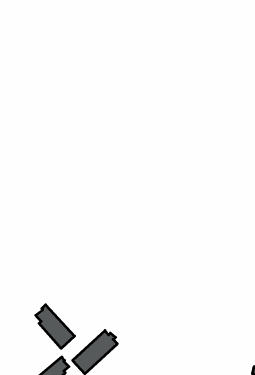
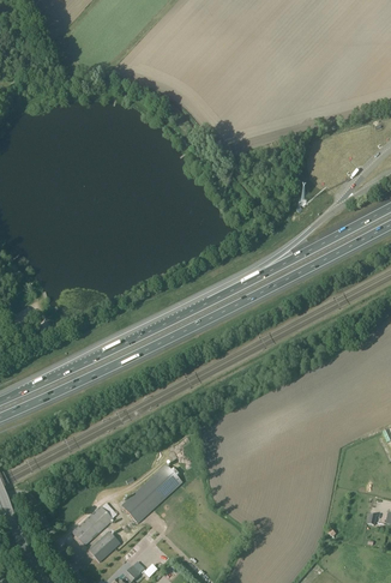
building: [36,305,75,348] -> none

